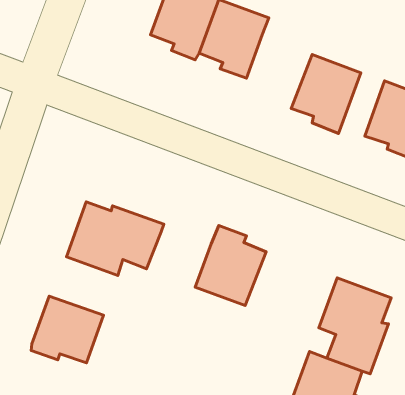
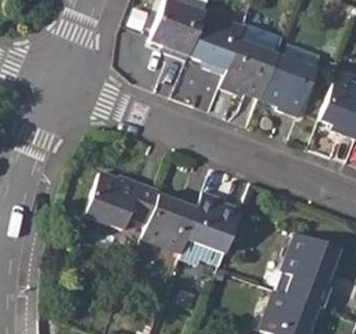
building: none -> [220,40,277,99]
building: none -> [141,196,197,252]
building: [31,296,104,363] -> none

